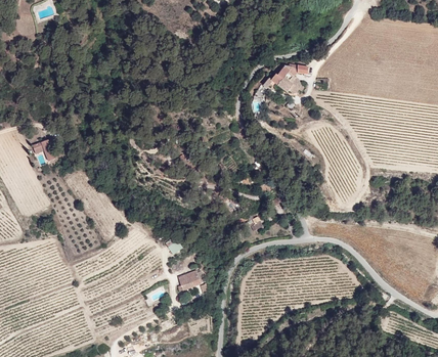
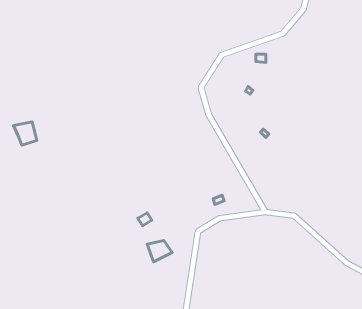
building: [269,66,305,94] -> none

